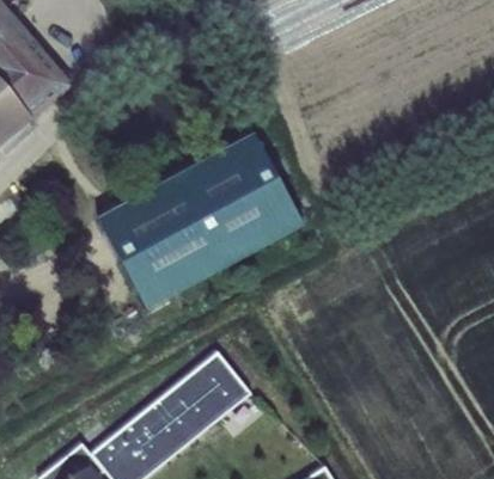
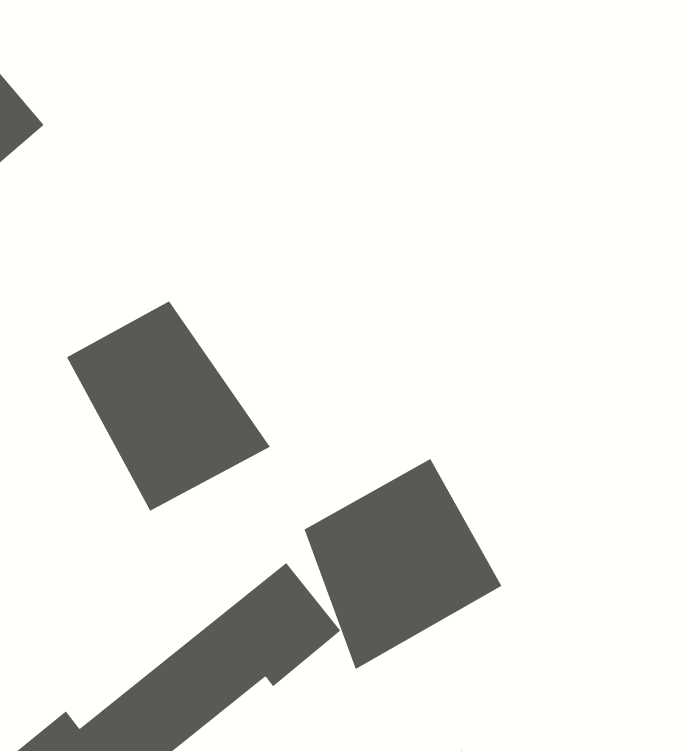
building: [147,137,294,278] -> none
building: none -> [304,458,502,670]

